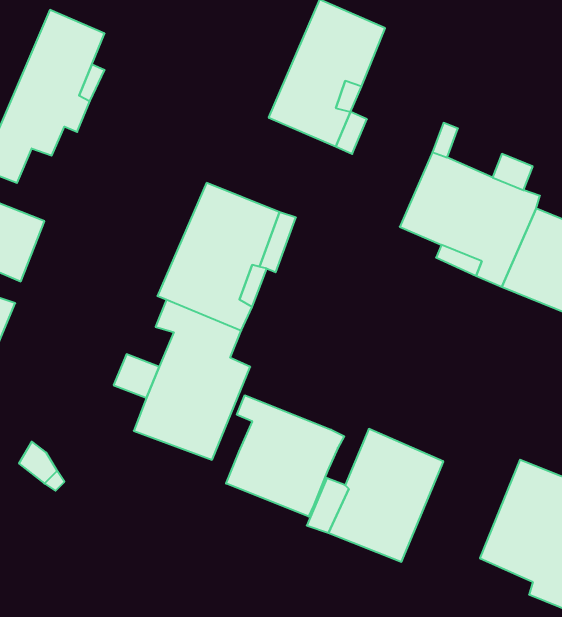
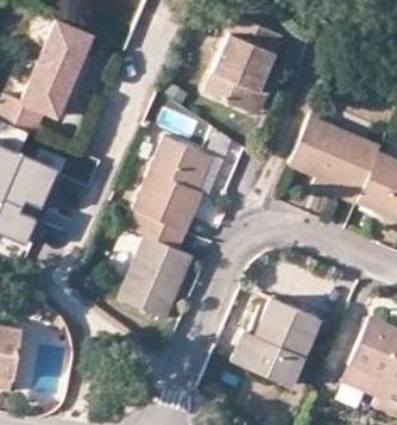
building: [226,395,344,517] -> none

